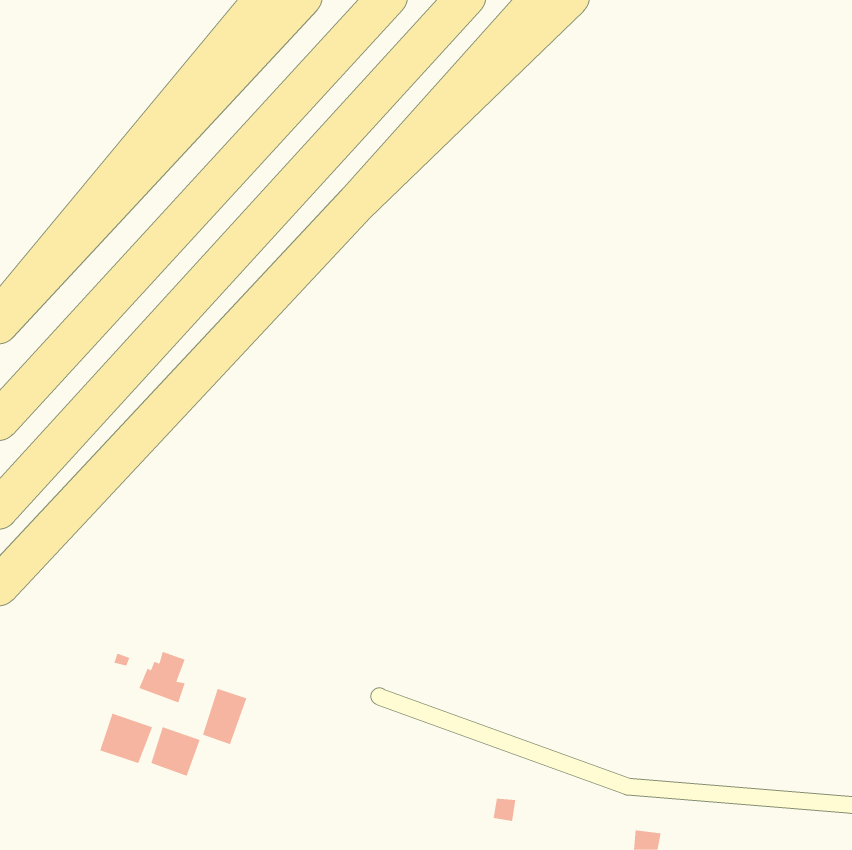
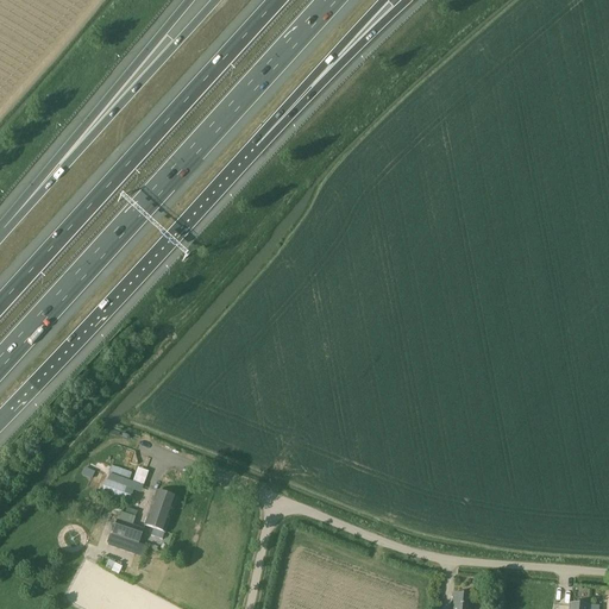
building: [99,713,153,764] -> none

